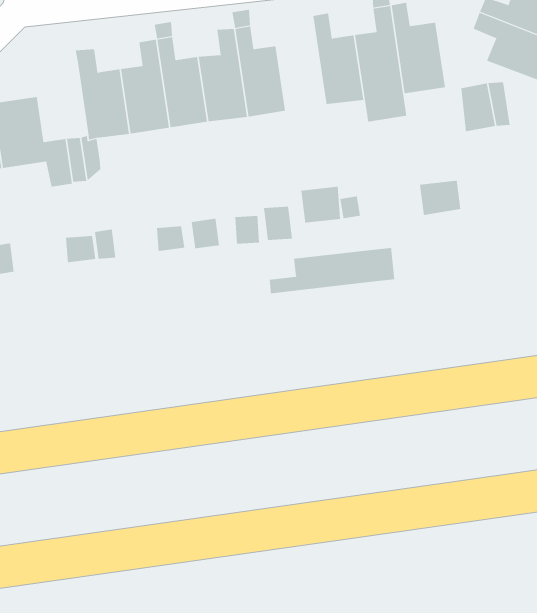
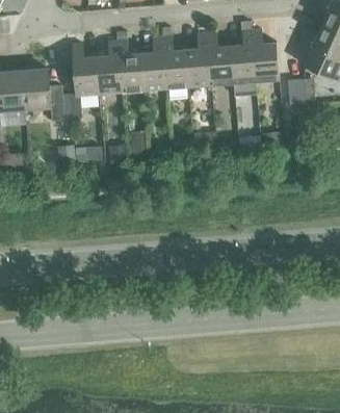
building: none -> [185,33,211,86]
building: [269,247,395,294] -> none

